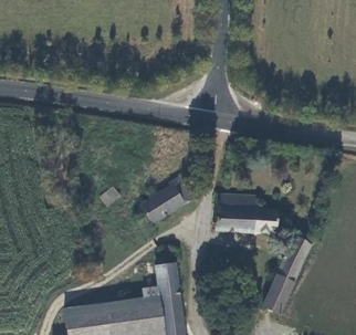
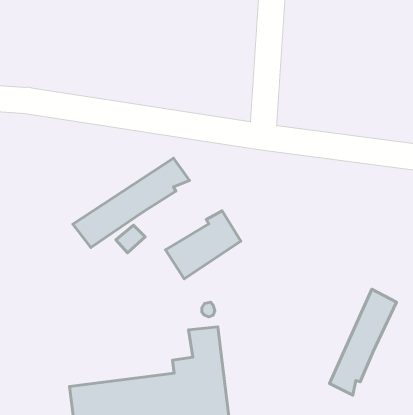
building: none -> [73,158,189,248]
building: [213,193,278,235] -> none

